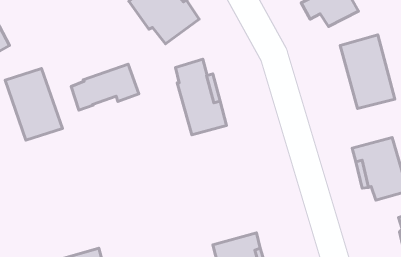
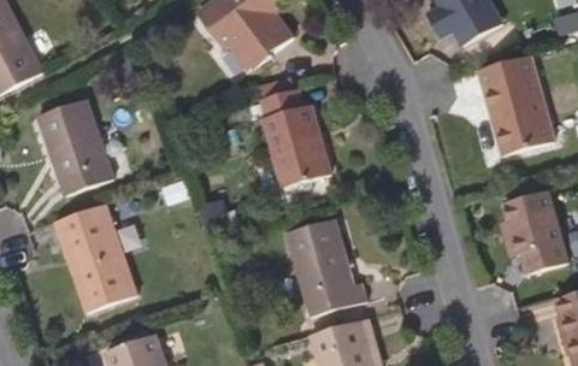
building: [71,64,139,110] -> none
building: none -> [55,202,134,309]
building: none -> [285,220,366,315]

